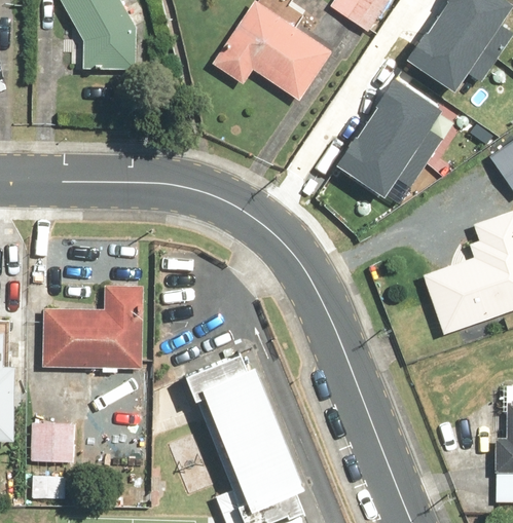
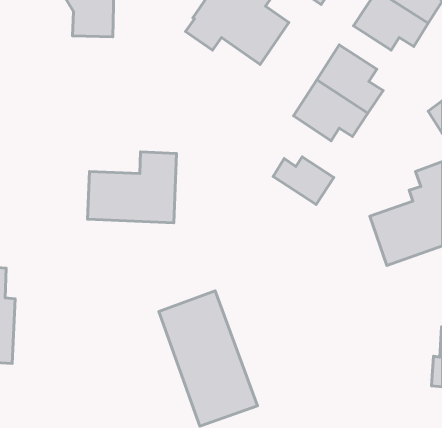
building: none -> [273,157,334,204]
building: [46,286,148,367] -> [88,152,177,223]
building: [33,423,76,465] -> none

